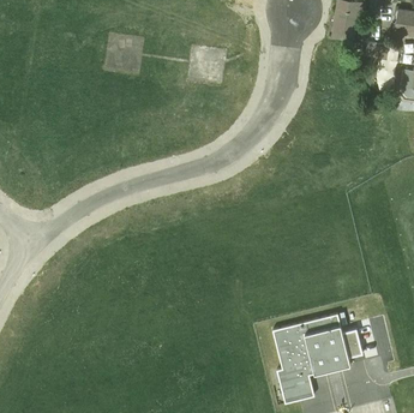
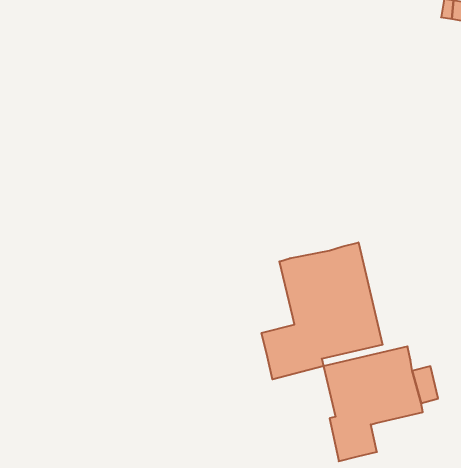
building: none -> [262,242,383,379]

